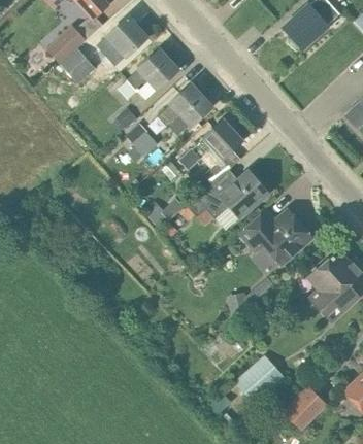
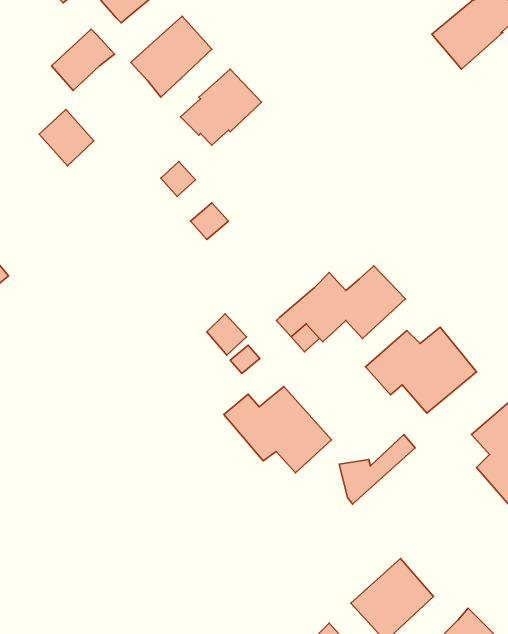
building: [61,46,95,81] -> [39,109,94,166]
building: [160,82,213,135] -> none
building: [179,117,243,184] -> none
building: none -> [224,387,331,473]

